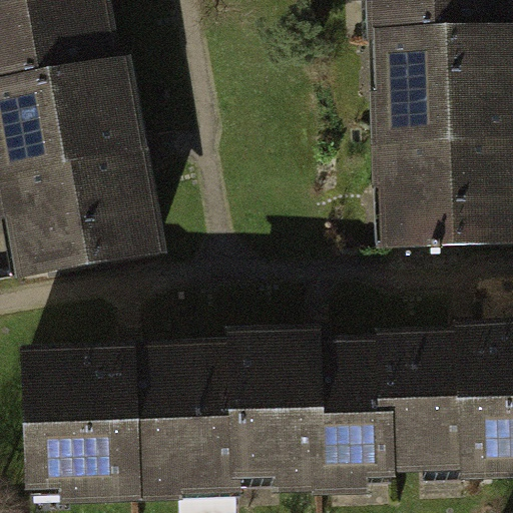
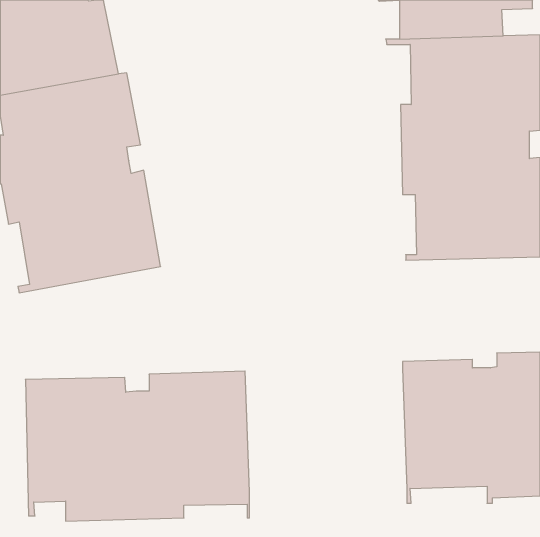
building: [232,343,386,490] -> none

